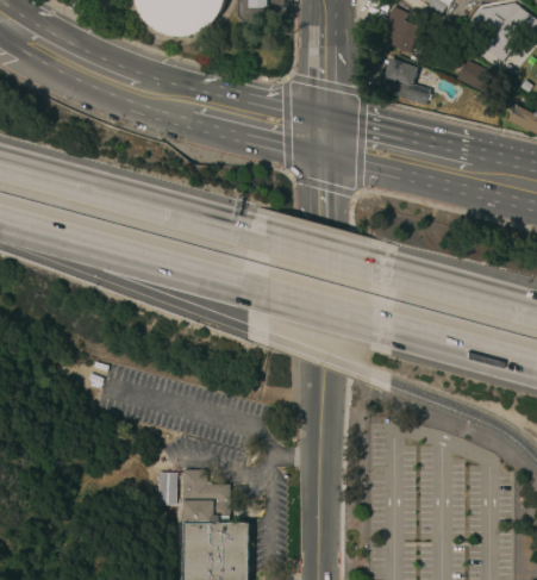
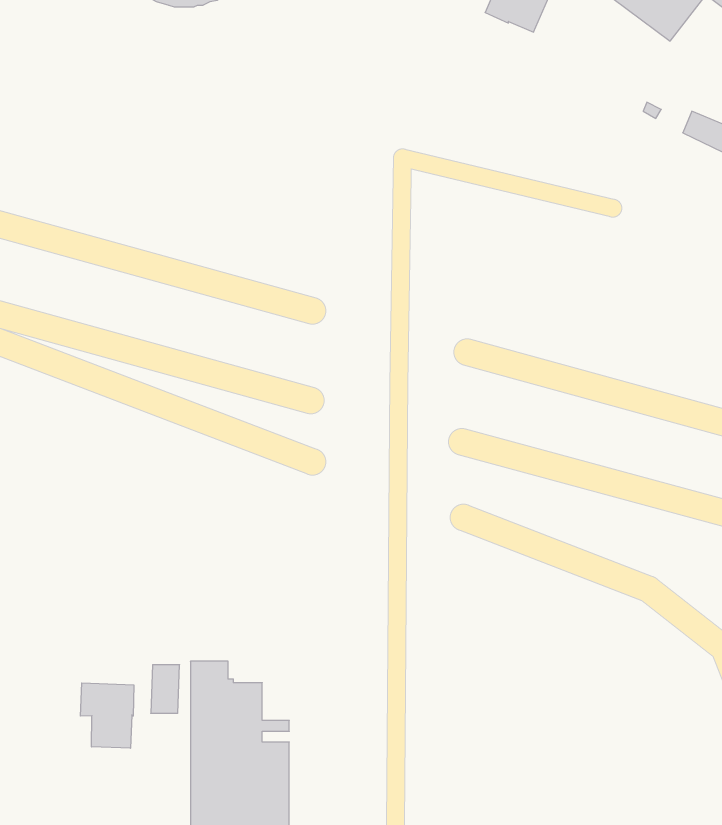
building: [379,56,430,104] -> none
building: [456,58,493,92] -> none
building: none -> [81,683,134,748]

